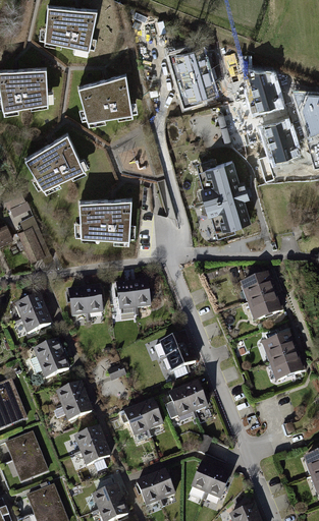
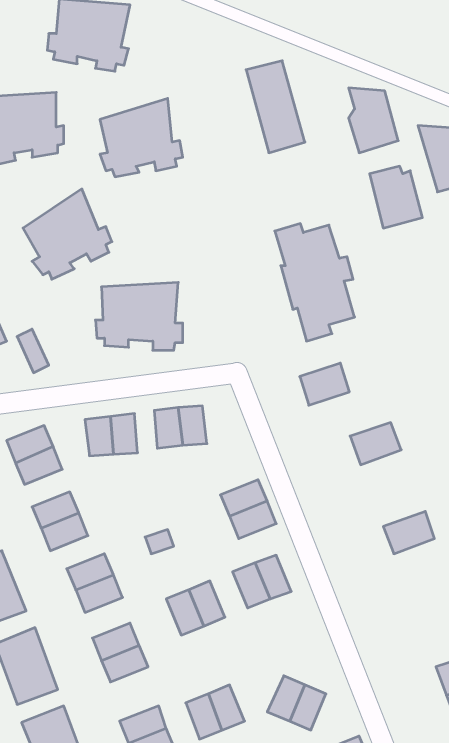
building: [241,273,274,301] -> [300,363,349,405]
building: [263,333,298,362] -> none

